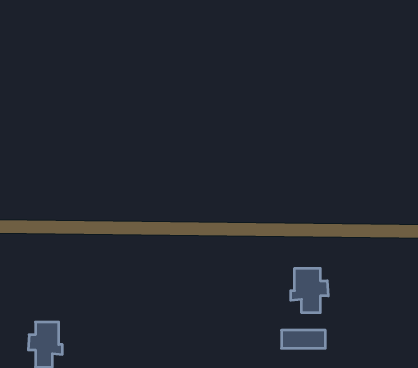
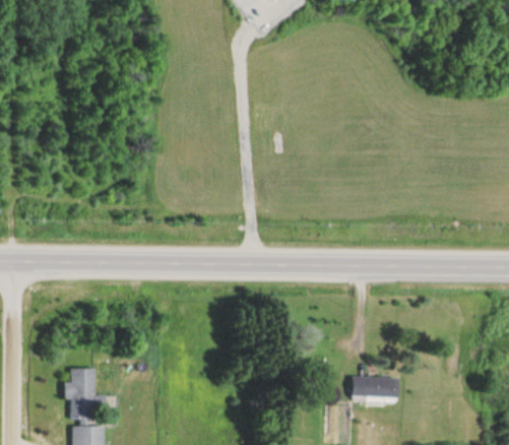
building: [291,268,328,313] -> none

